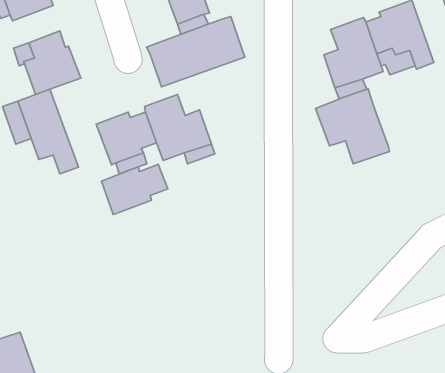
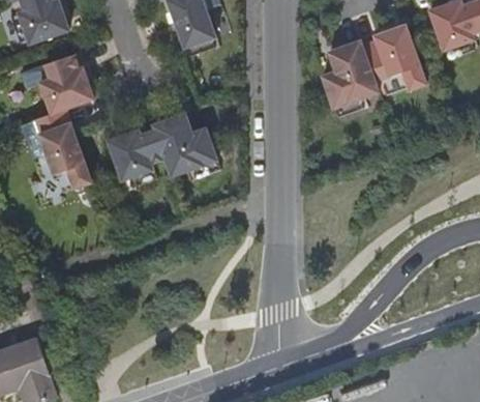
building: [146,17,245,87] -> none
building: [316,89,390,164] -> none
building: [101,164,168,215] -> none

